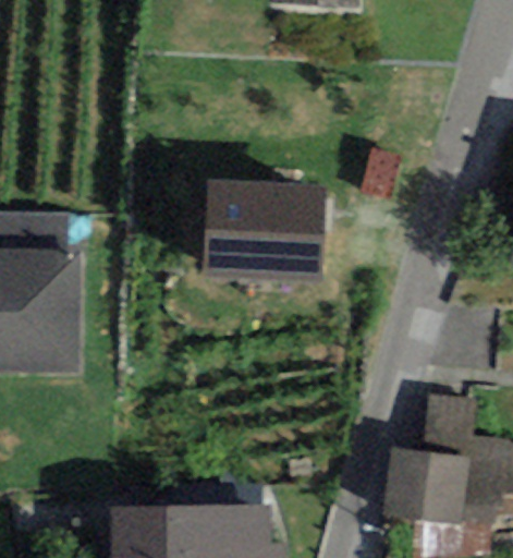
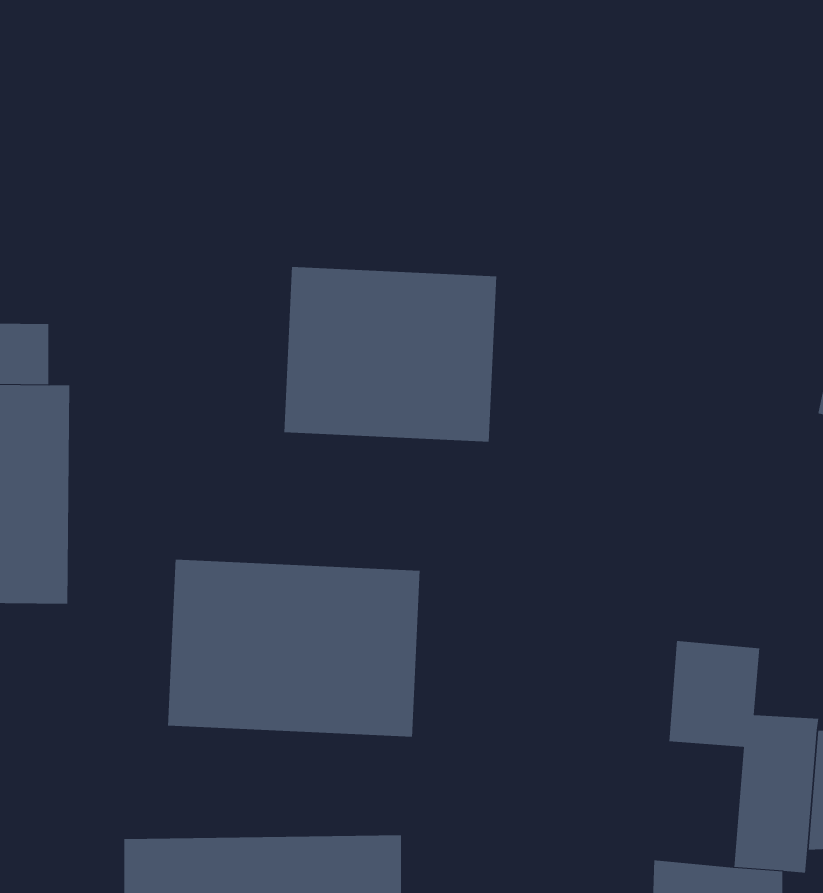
building: none -> [167,559,420,737]
building: [382,450,465,524] -> none

